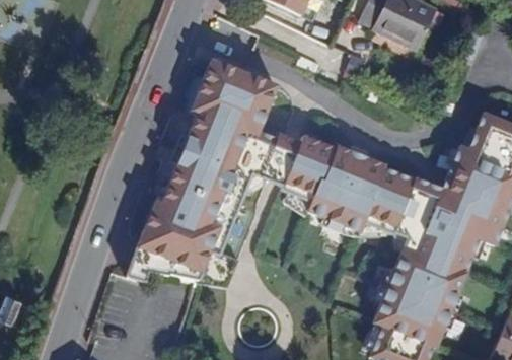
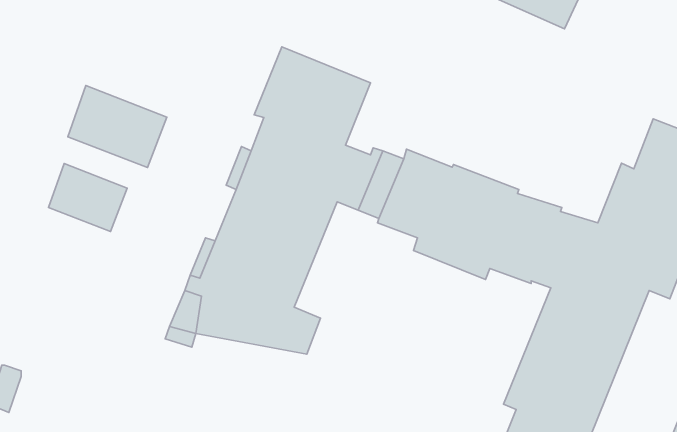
building: none -> [68,86,167,168]
building: none -> [49,164,127,231]

